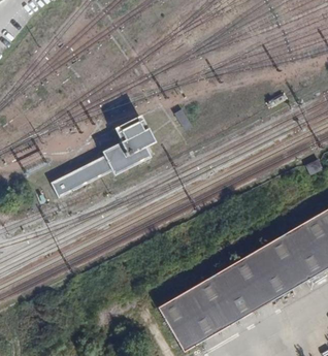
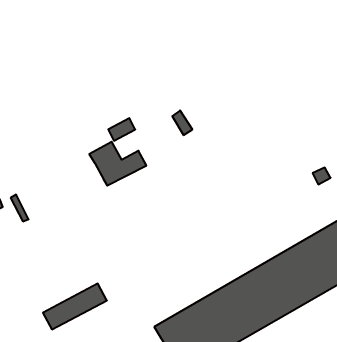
building: [119,122,155,153] -> none
building: [53,156,111,198] -> [43,284,107,329]

